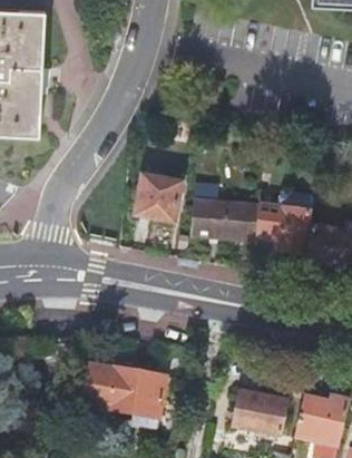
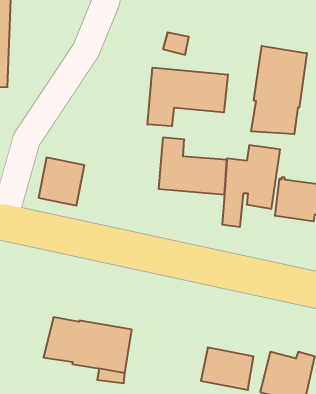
building: none -> [251,46,307,134]
building: none -> [147,68,228,126]
building: [137,175,183,223] -> [39,158,84,206]

